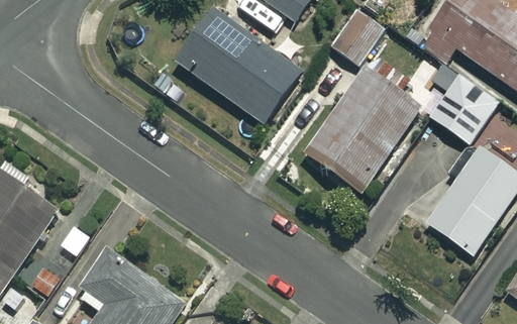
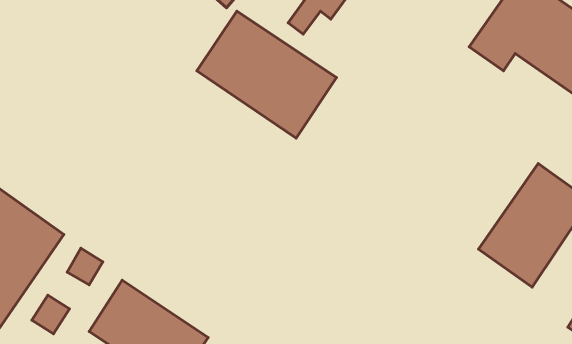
building: [329,14,380,68] -> none
building: [303,71,417,194] -> none
building: [427,76,496,145] -> none

